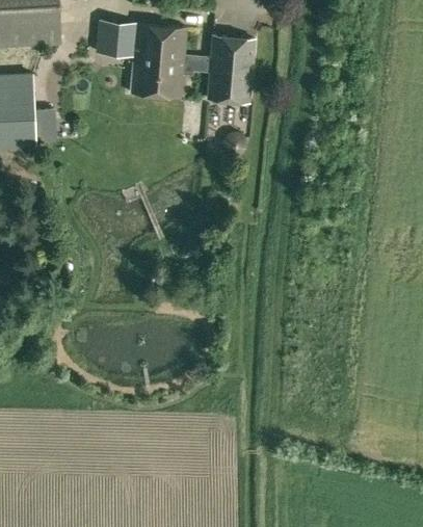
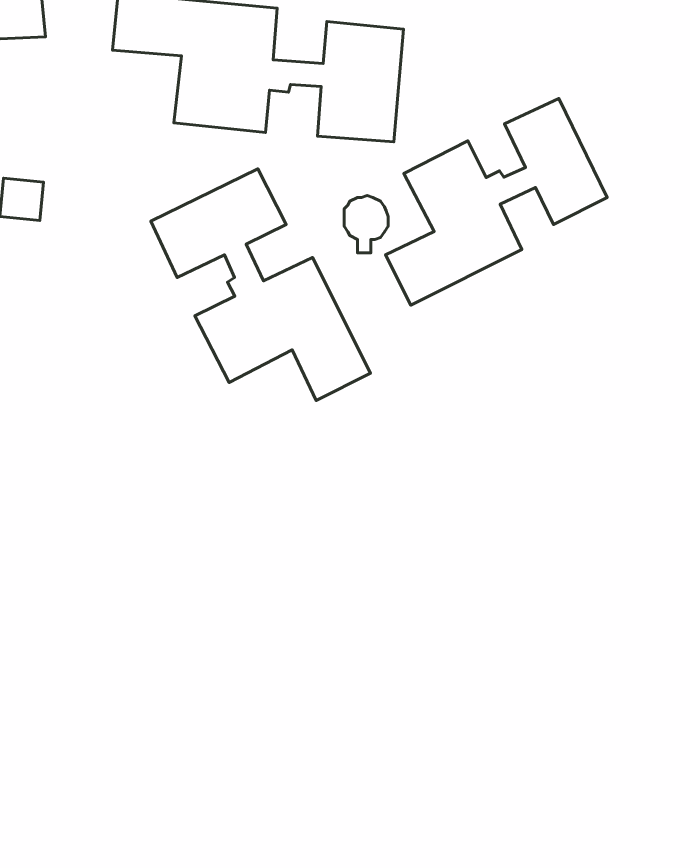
building: none -> [386,98,607,305]
building: none -> [151,169,371,401]

